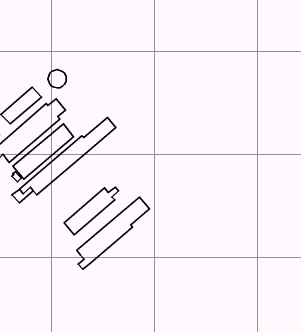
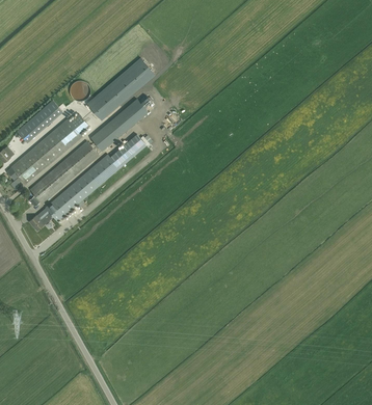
building: none -> [86,57,154,120]
building: [64,187,118,235] -> [89,97,151,151]
building: [77,197,150,269] -> none

